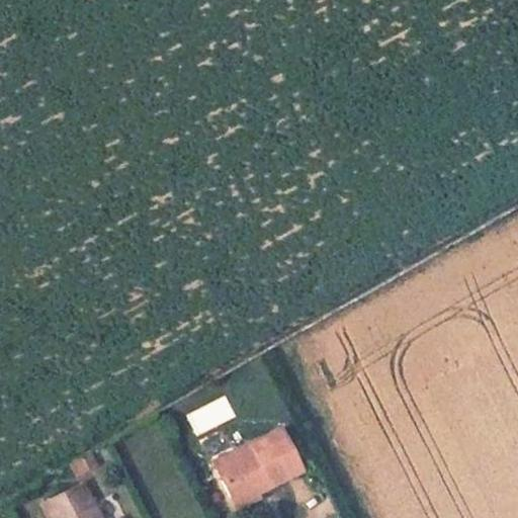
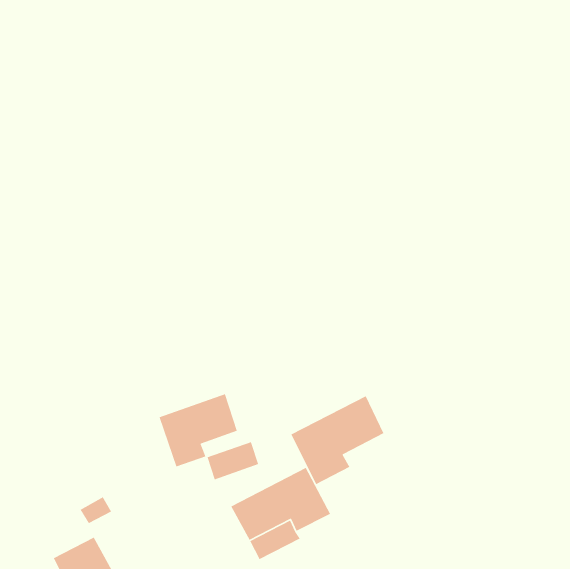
building: none -> [158,393,238,467]
building: none -> [290,395,385,485]

